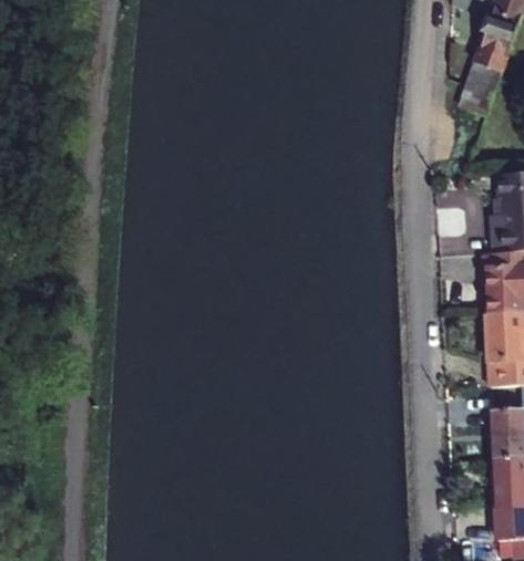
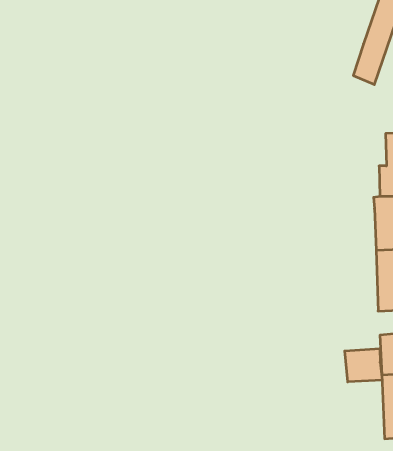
building: none -> [345,348,382,382]

